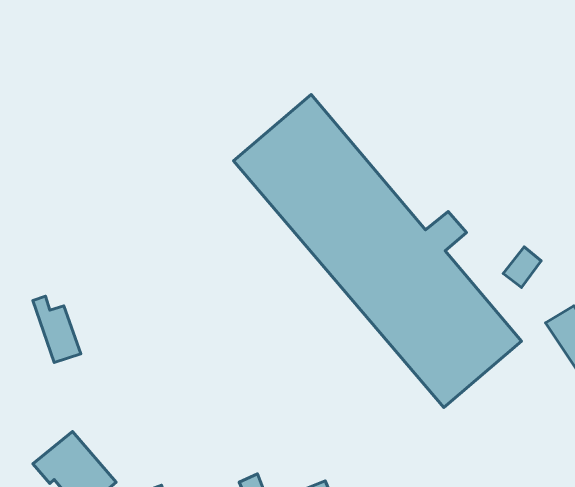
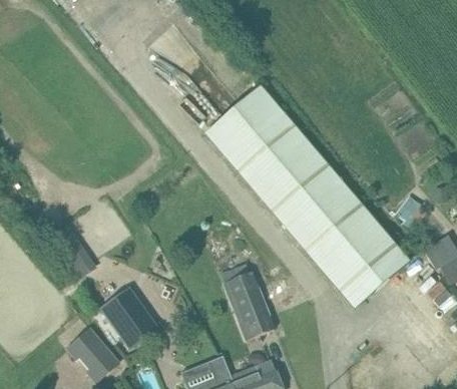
building: none -> [222,270,274,339]
building: none -> [99,287,157,349]

